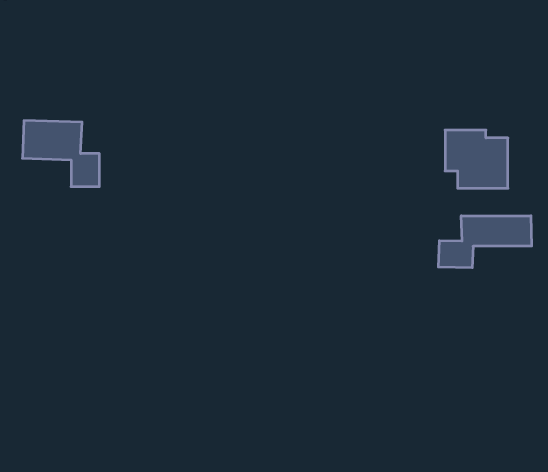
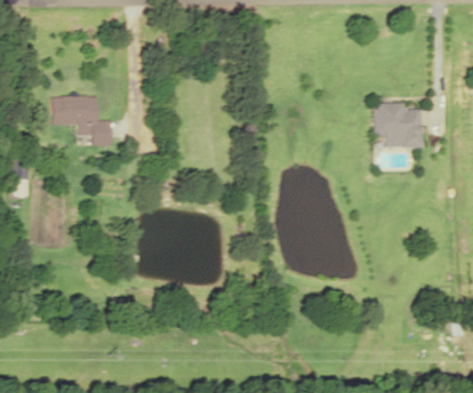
building: [438,216,532,268] -> none

